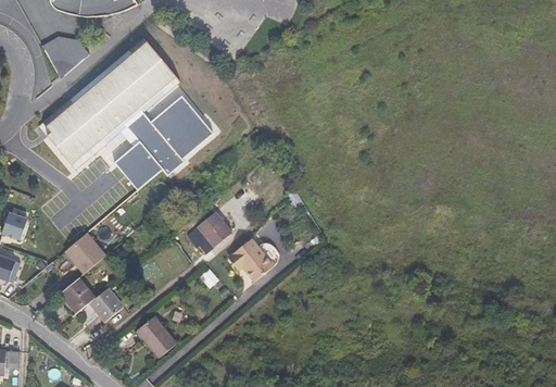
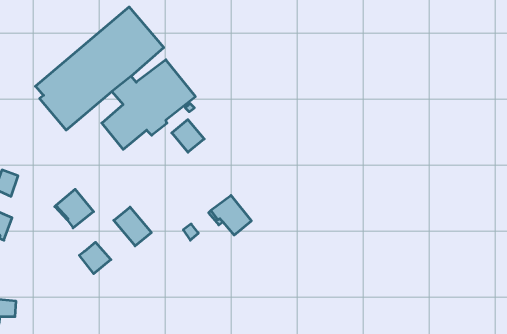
building: [41,36,89,78] -> none
building: [197,212,231,247] -> [172,120,204,152]
building: [60,277,94,313] -> none
building: [136,316,176,358] -> [114,207,151,246]

